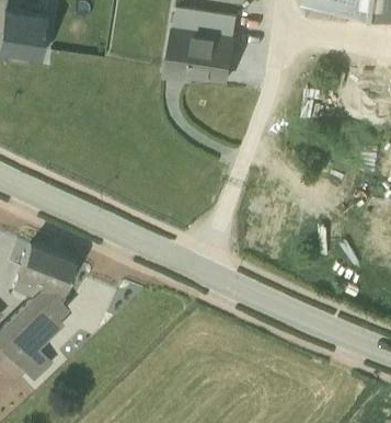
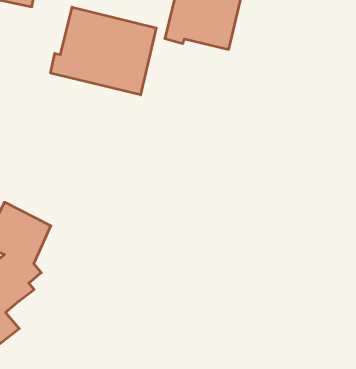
building: none -> [51,7,156,95]

